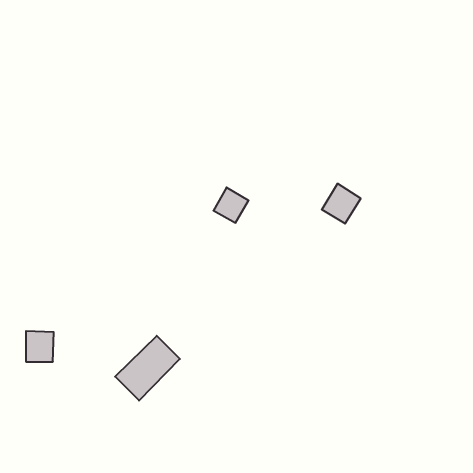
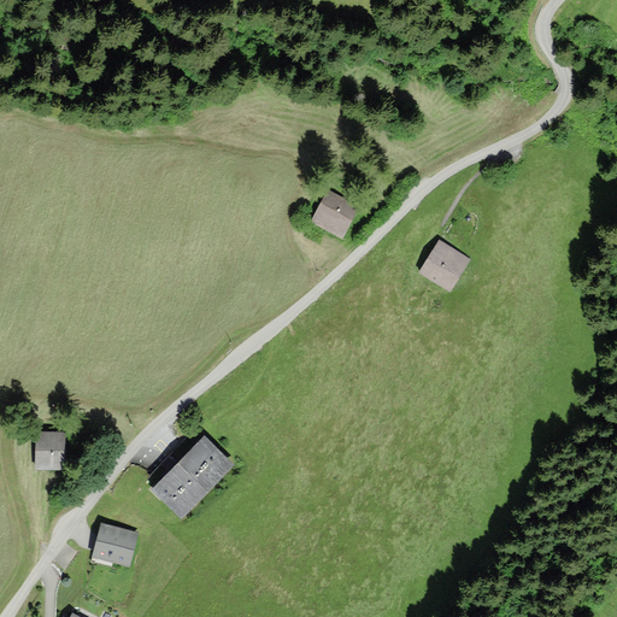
building: [213,187,249,223] -> [312,190,358,236]
building: none -> [93,524,136,565]

